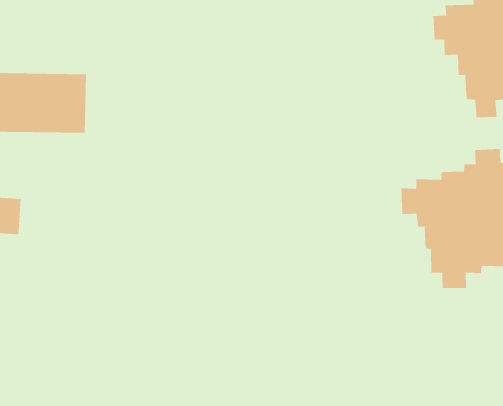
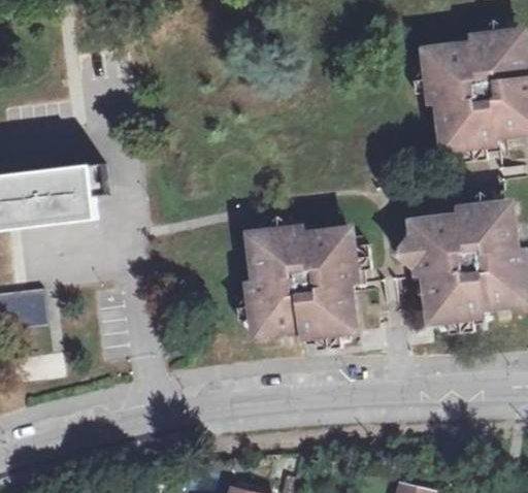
building: none -> [237,216,371,344]

